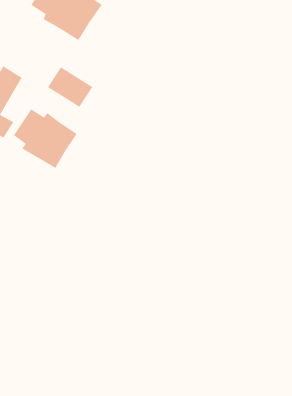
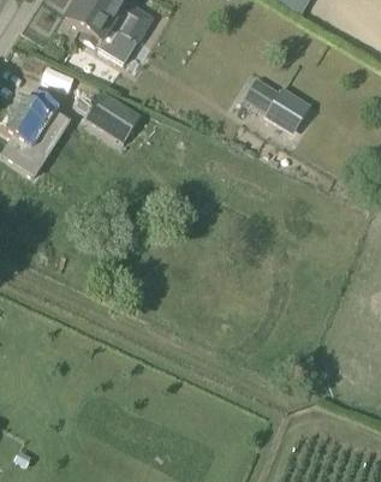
building: none -> [246,79,308,132]
building: [13,108,78,169] -> none

